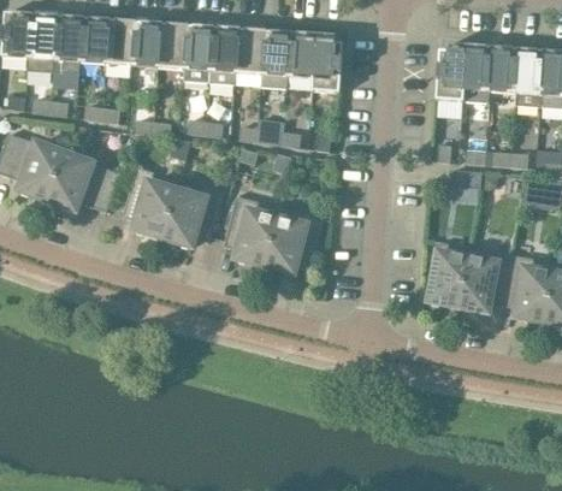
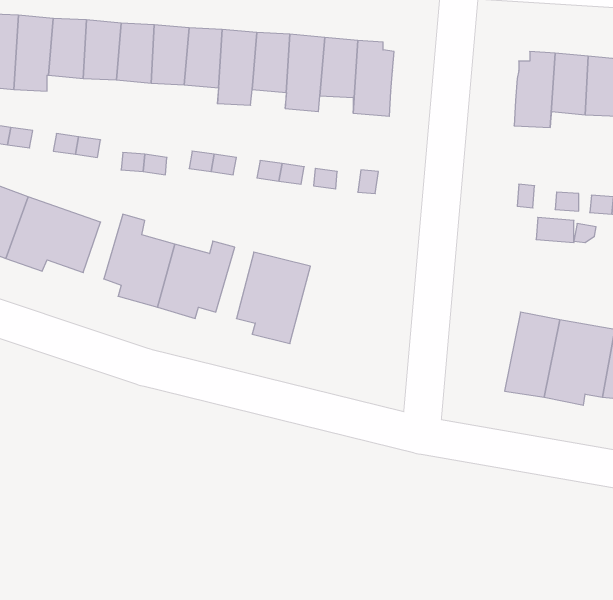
building: [264,206,323,272] -> none

